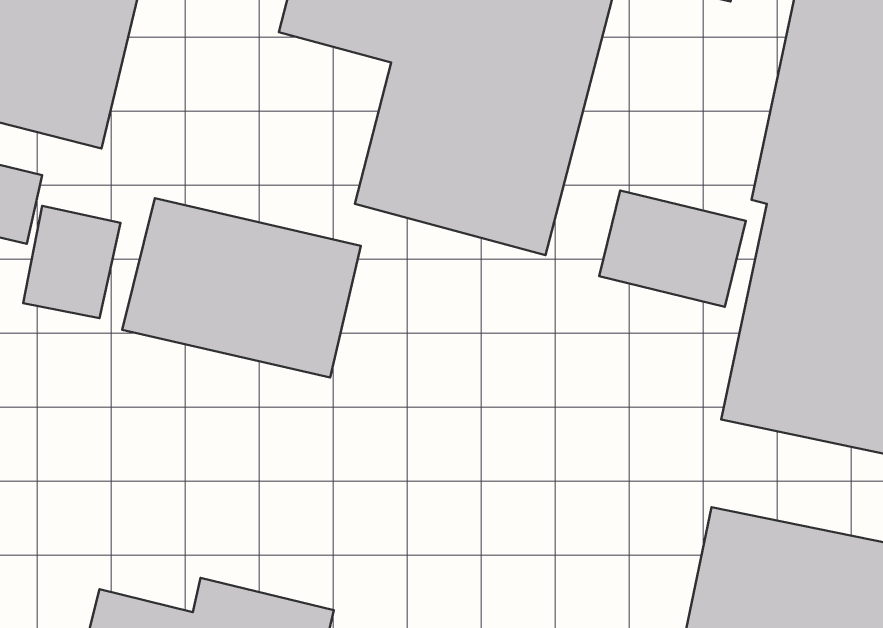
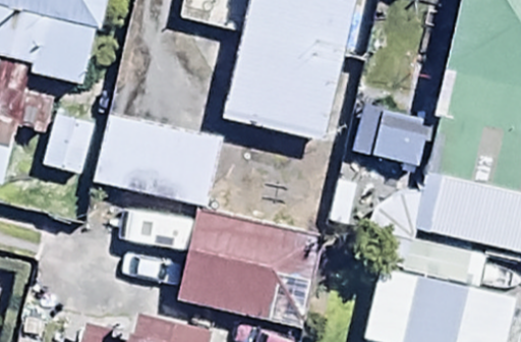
building: none -> [176,206,322,329]

